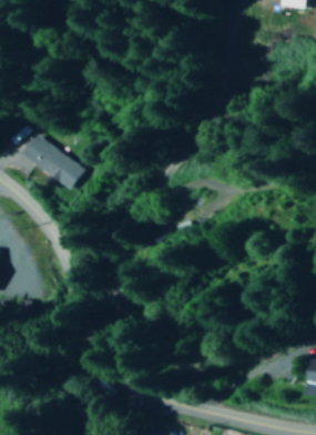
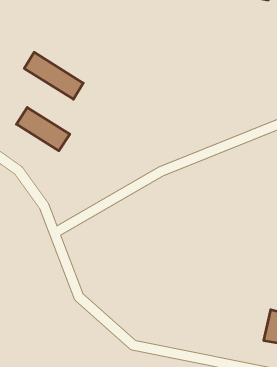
building: none -> [24,52,83,99]

